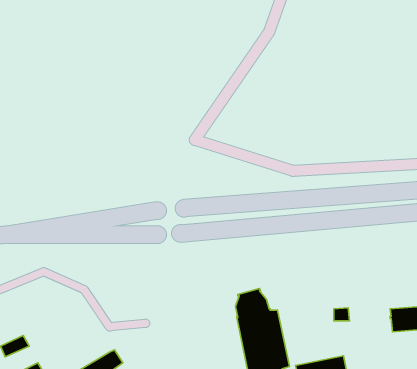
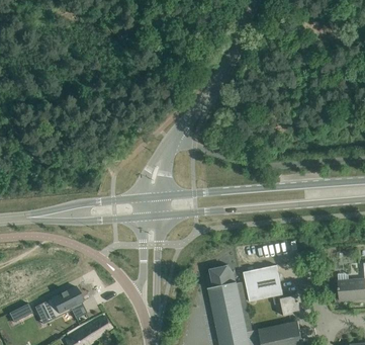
building: none -> [243,265,299,317]
building: none -> [33,286,82,320]

